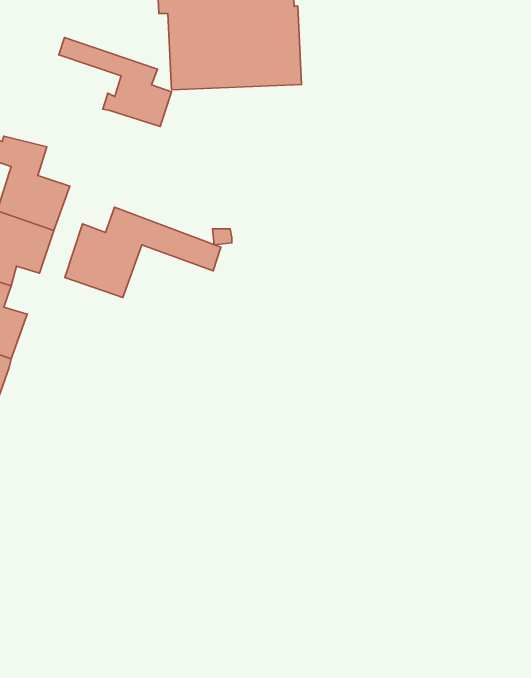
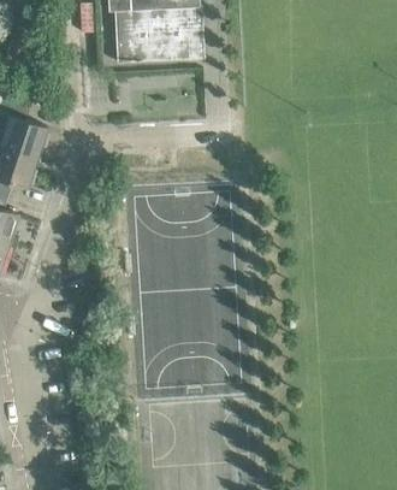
building: [59,37,172,127] -> none
building: [65,207,221,297] -> none

